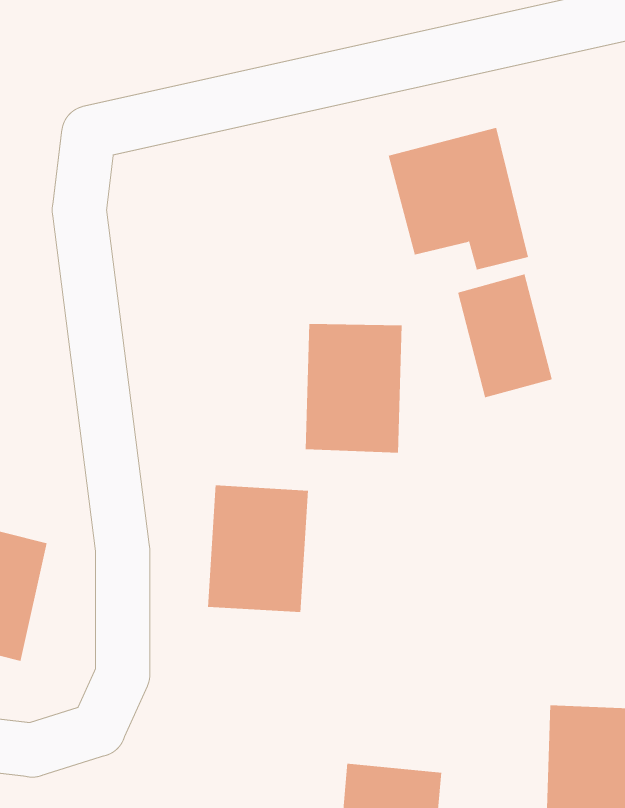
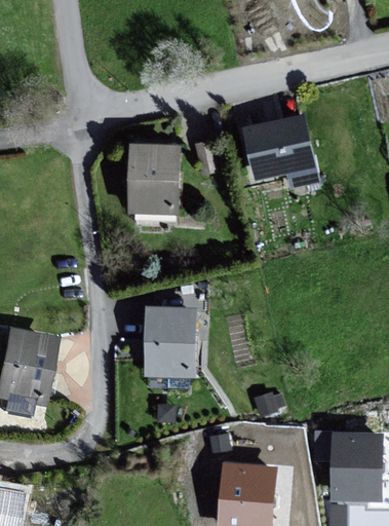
building: [457,274,552,398] -> none
building: [305,323,403,453] -> [129,144,183,215]

